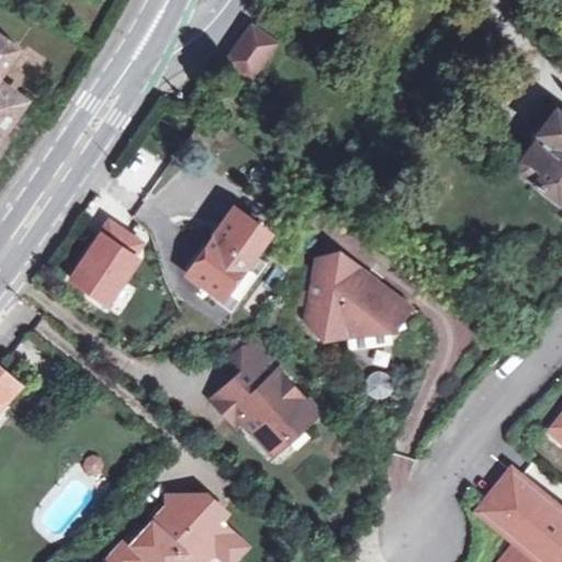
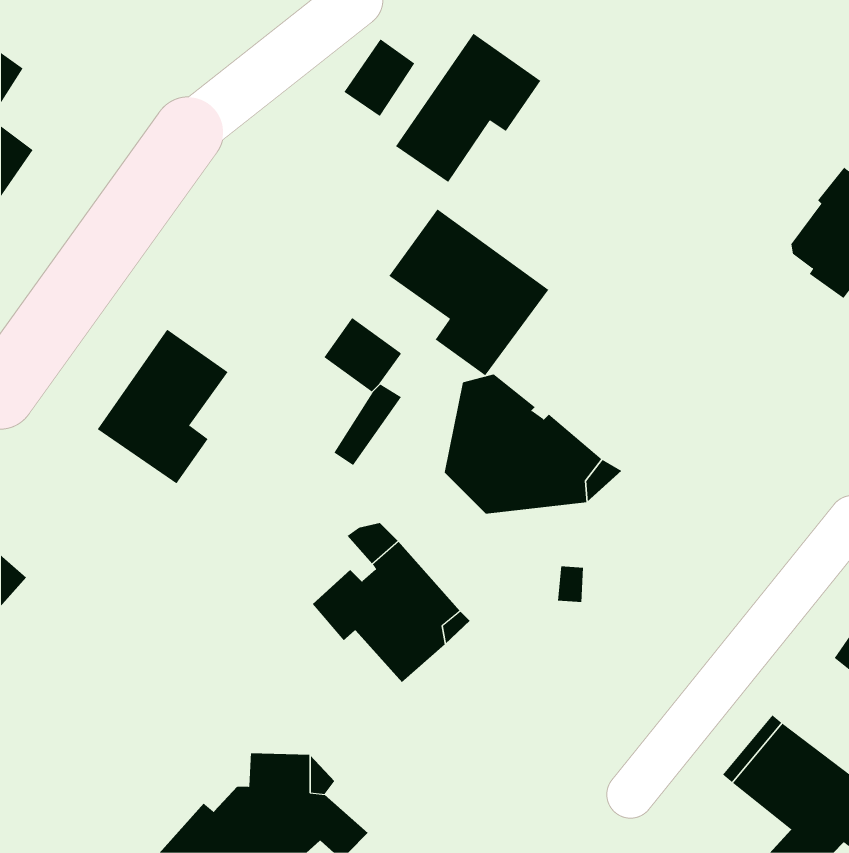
building: none -> [395,33,541,183]
building: none -> [388,208,549,376]
building: [188,235,247,297] -> none

